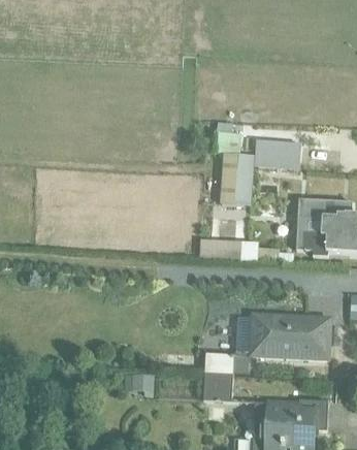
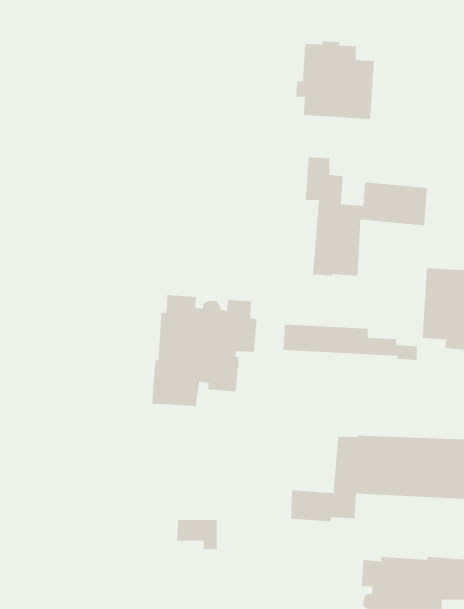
building: none -> [295,41,375,120]
building: none -> [151,294,258,407]
building: [203,374,233,401] -> none

